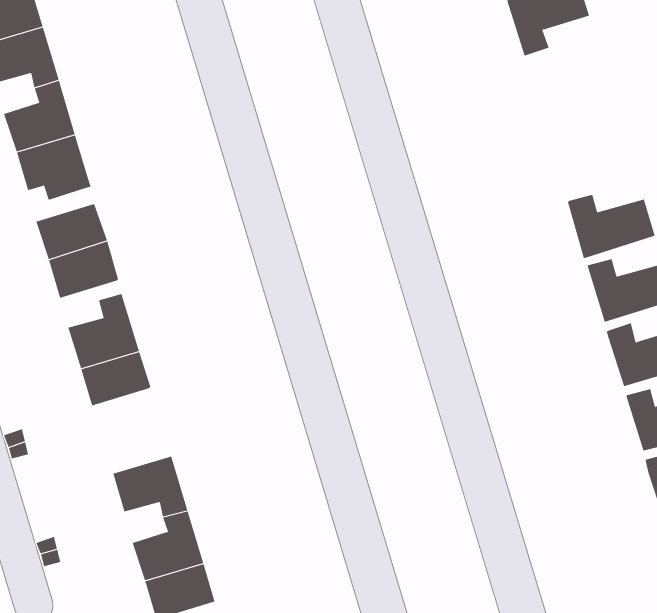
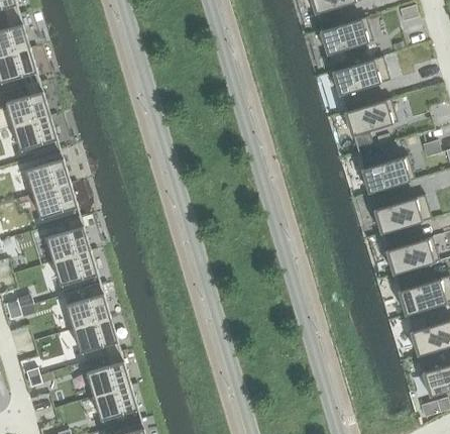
building: none -> [332,57,388,107]
building: none -> [344,99,397,148]
building: none -> [65,284,110,329]

